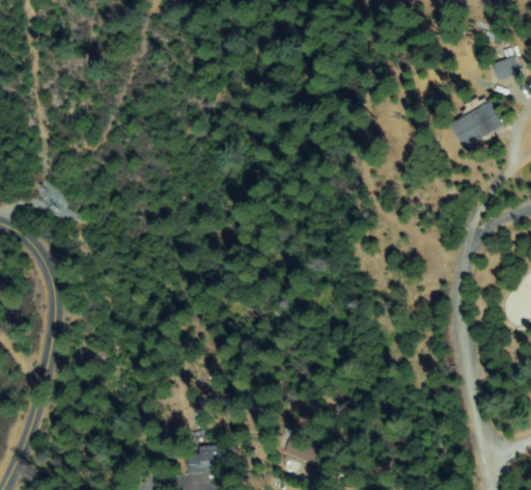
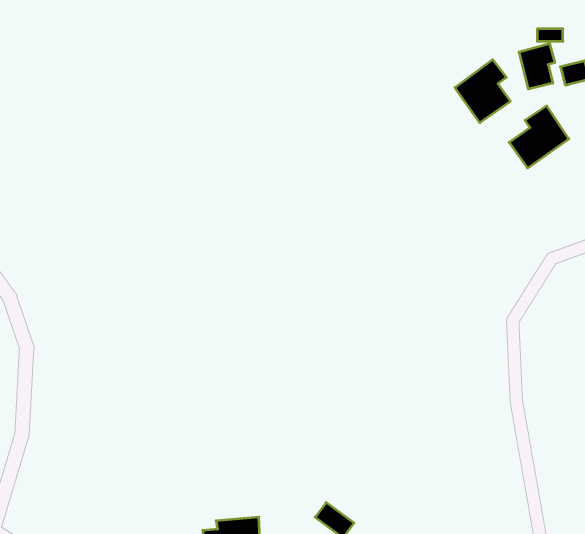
building: none -> [519,44,555,89]
building: none -> [455,60,510,123]

